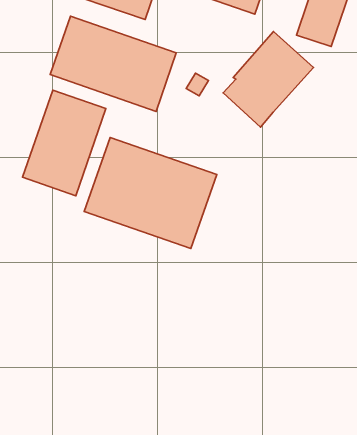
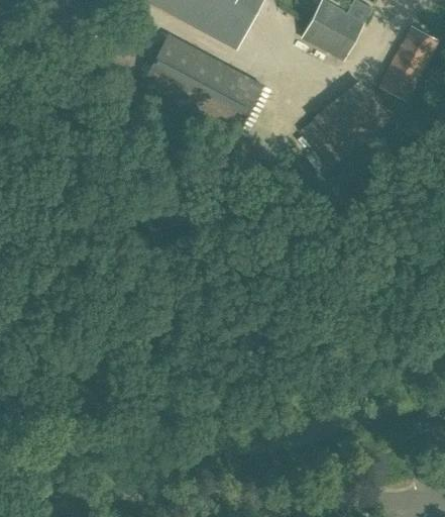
building: [23,90,106,196] -> none
building: [84,137,217,248] -> none

